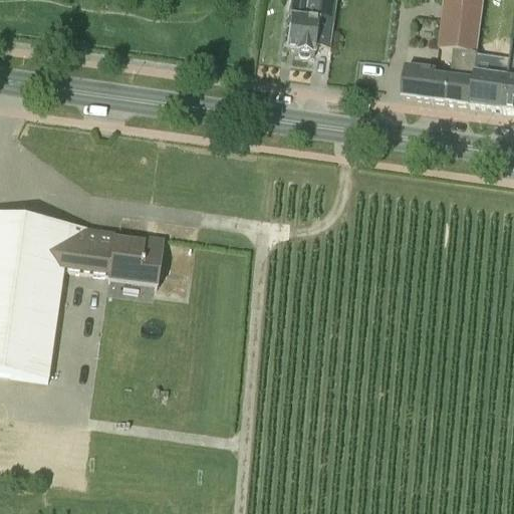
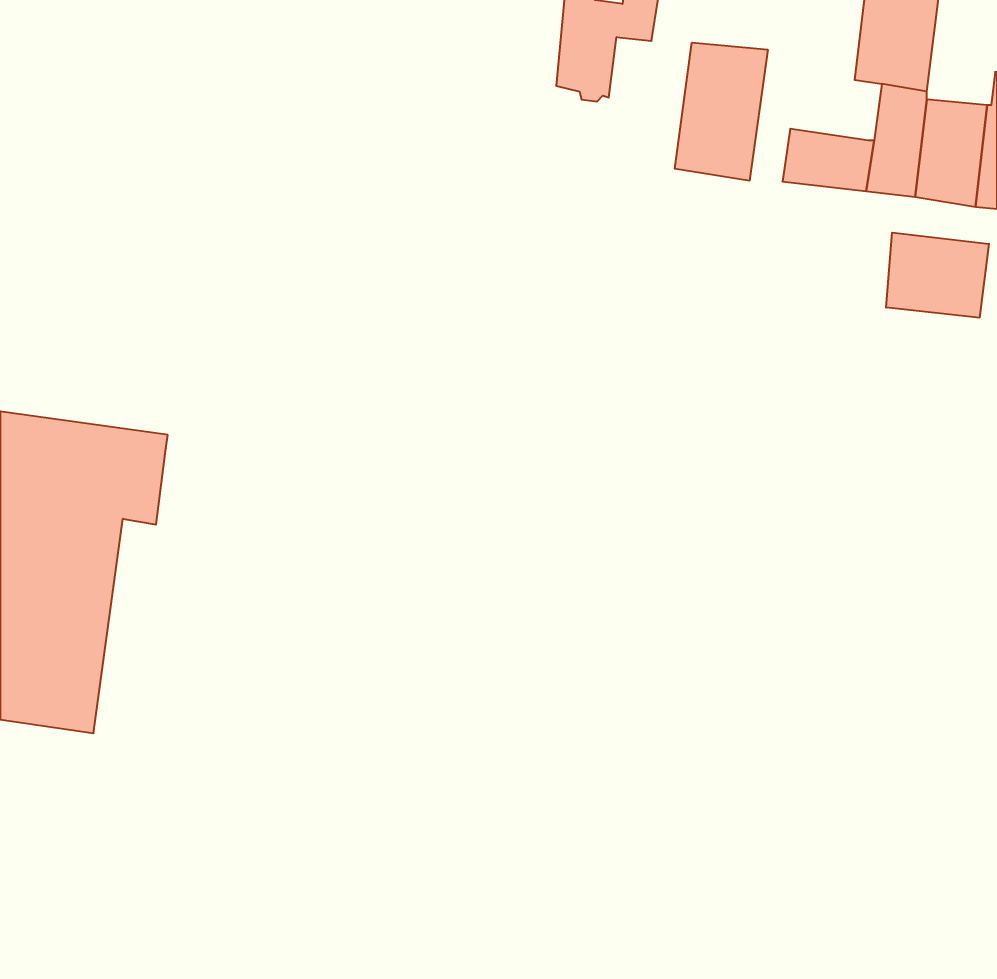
building: none -> [675,43,768,181]
building: none -> [886,233,989,318]
building: [80,230,163,284] -> none

